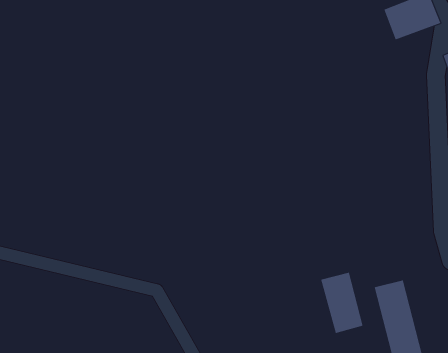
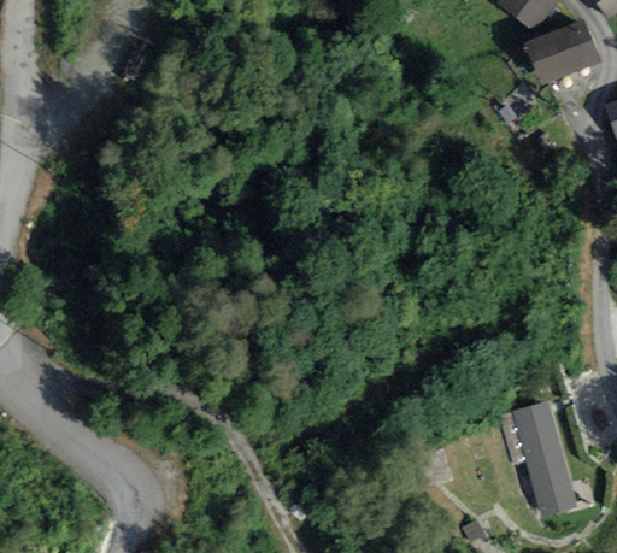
building: [320,272,363,334] -> none

